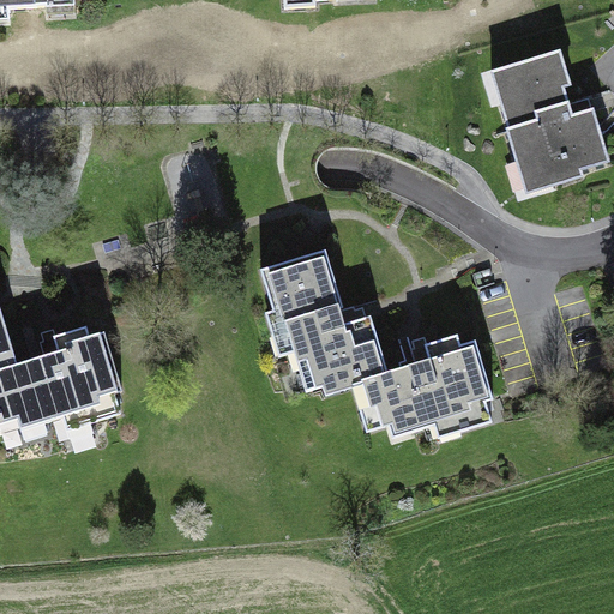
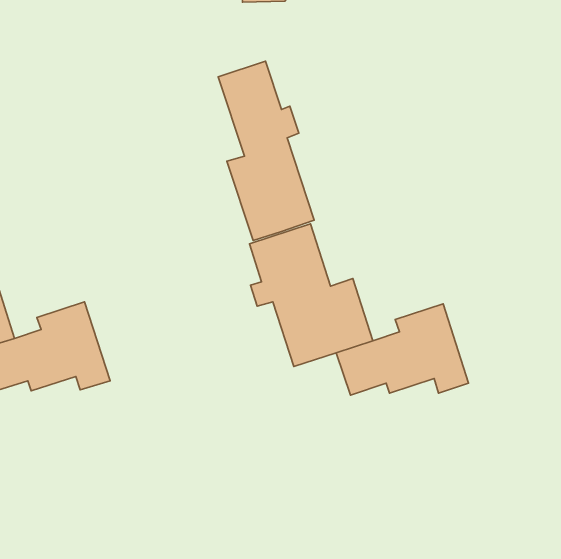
building: [480,53,600,195] -> none
building: none -> [218,61,314,240]

